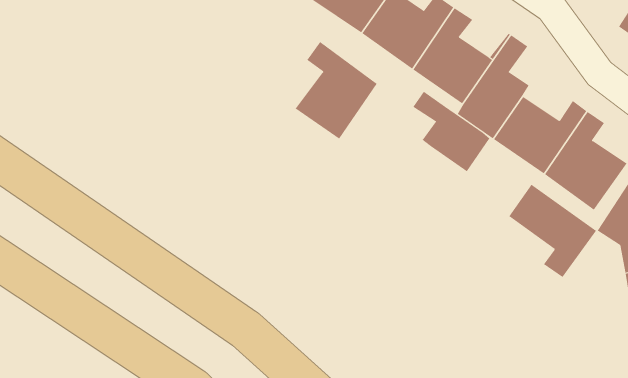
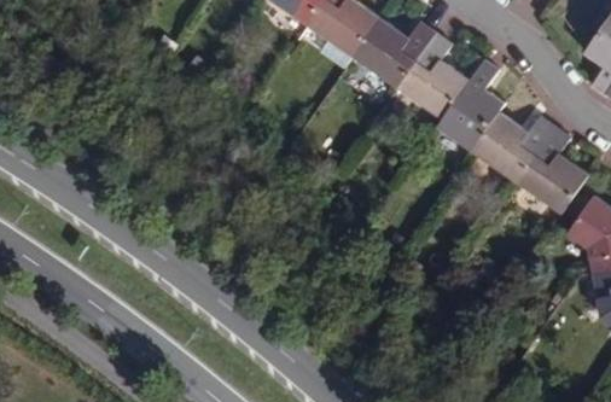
building: [295,41,378,140] -> none
building: [413,91,490,172] -> none
building: [508,184,597,278] -> none

